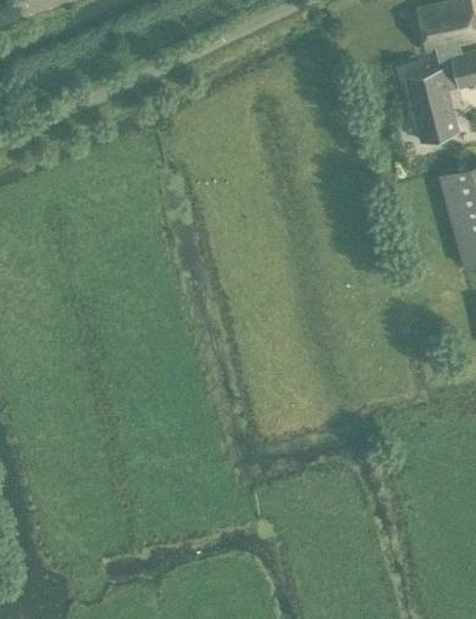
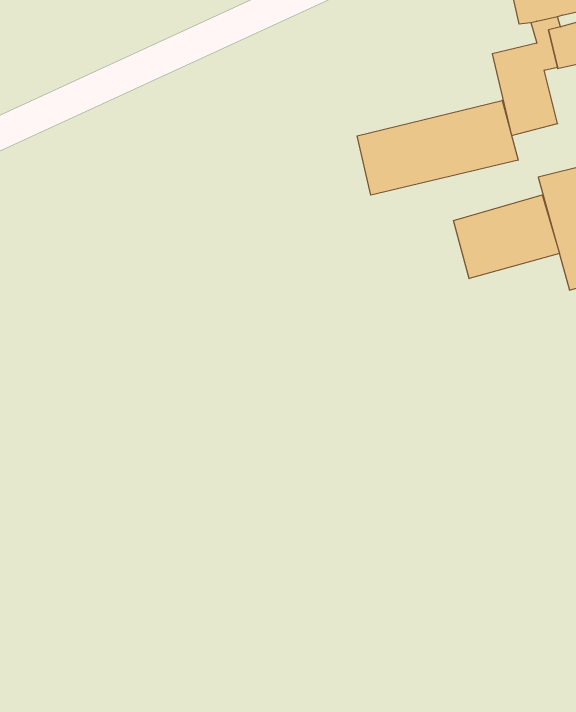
building: none -> [357,100,518,195]
building: none -> [453,195,559,279]

